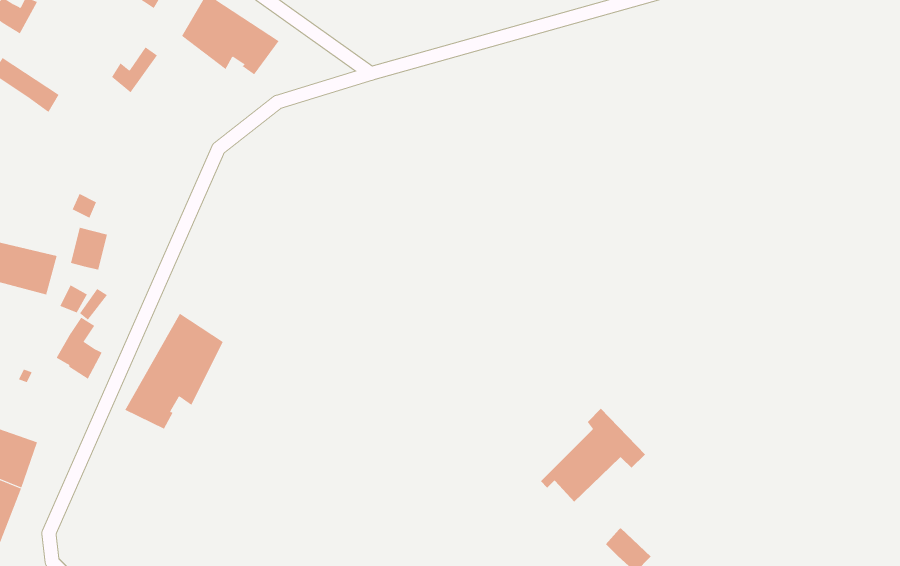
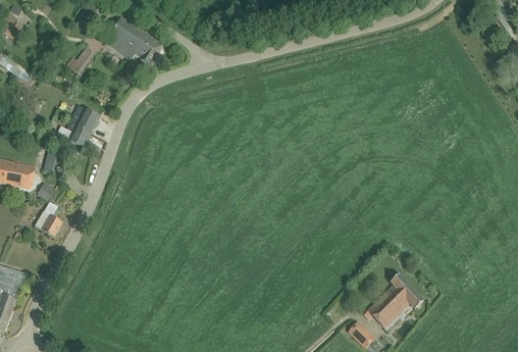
building: none -> [67,106,99,149]
building: [124,313,224,430] -> none
building: [540,408,646,503] -> [363,273,423,328]

